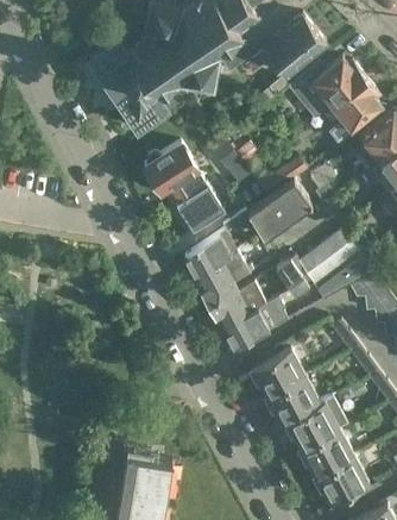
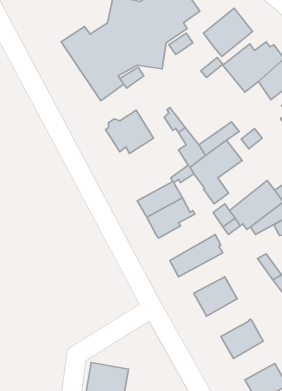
building: [174,178,225,233] -> none
building: [209,280,267,330] -> none
building: [269,377,321,426] -> none
building: [302,430,353,477] -> none

